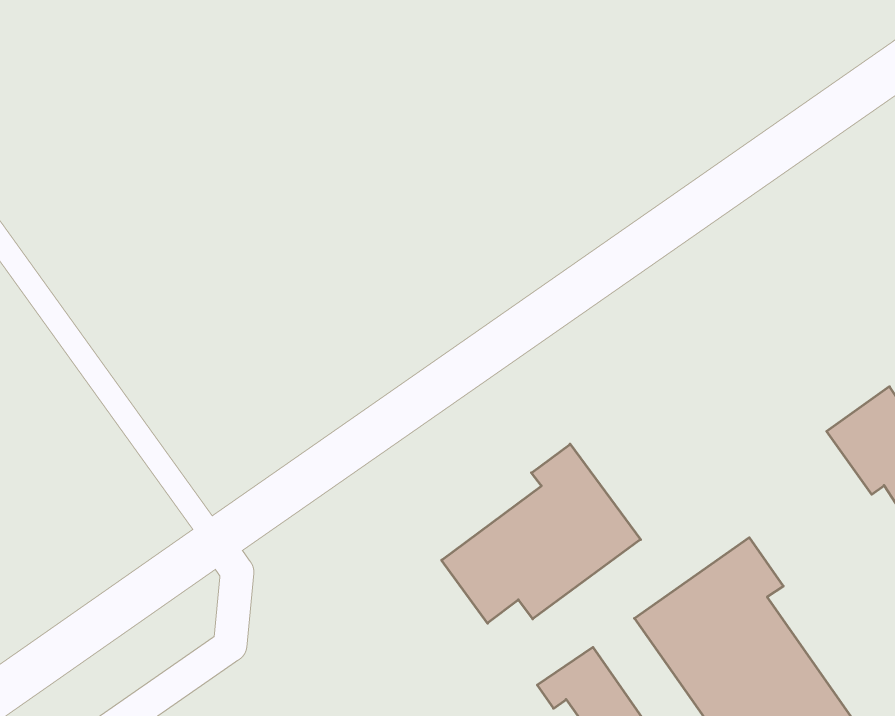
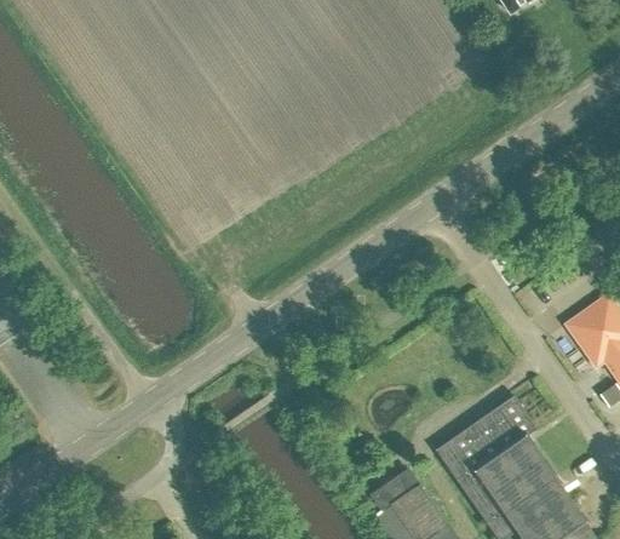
building: [442,444,641,623] -> none

